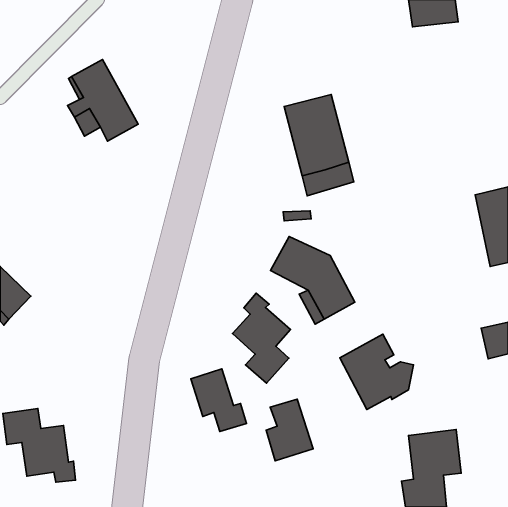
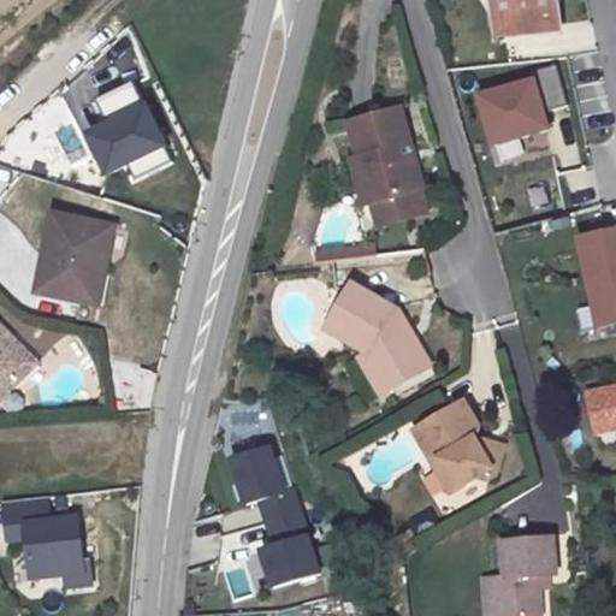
building: none -> [478,65,564,144]
building: none -> [37,213,108,298]
building: [233,293,290,383] -> none
building: [266,399,313,461] -> [261,513,318,587]

